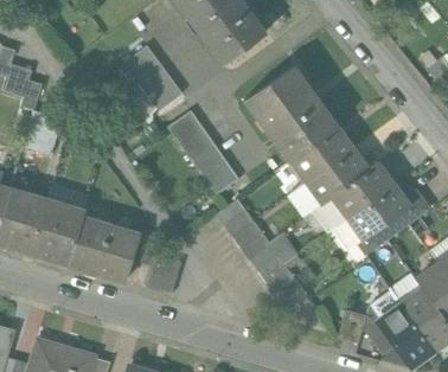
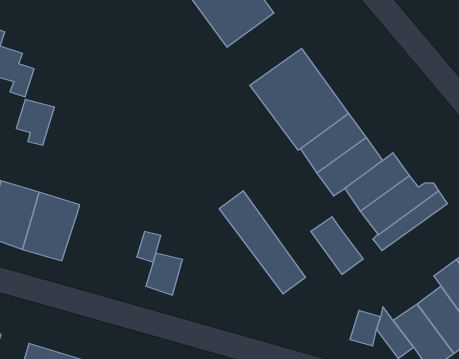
building: [124,45,184,111] -> none
building: [168,110,239,195] -> none
building: [69,219,137,280] -> none
building: none -> [311,217,363,274]

